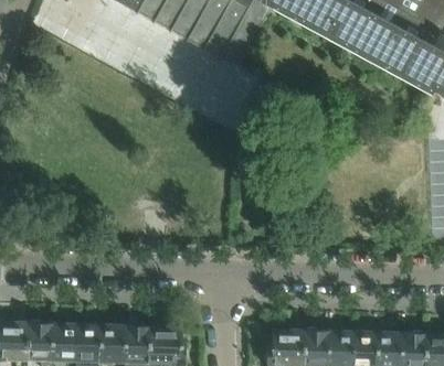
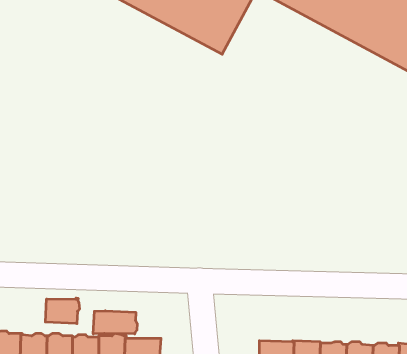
building: none -> [45,298,79,324]
building: none -> [93,311,137,334]

